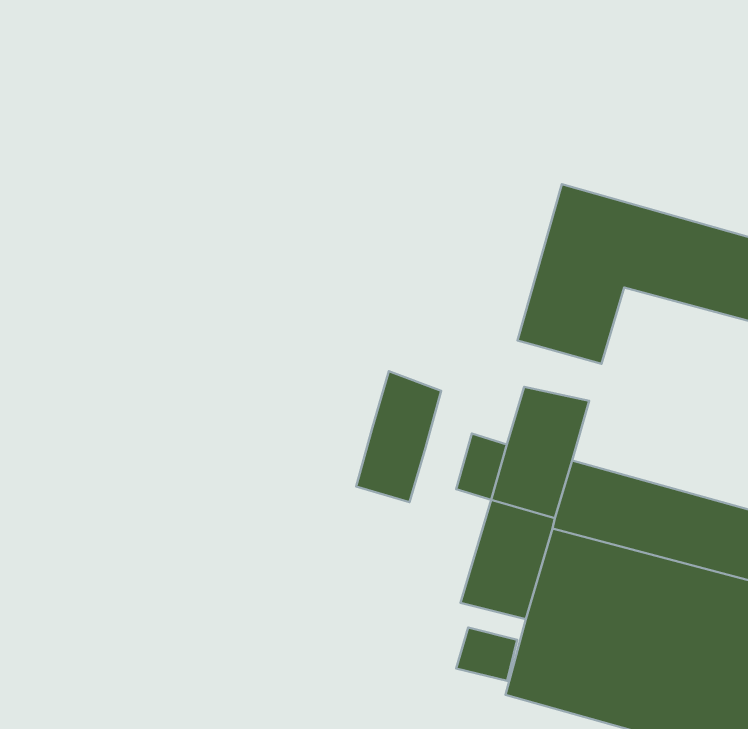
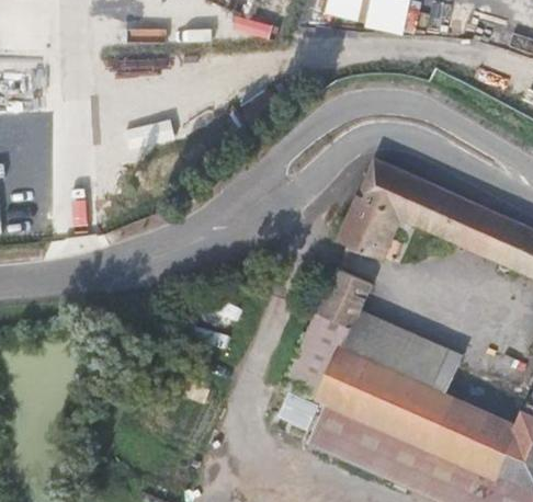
building: [356,371,441,502] -> none

